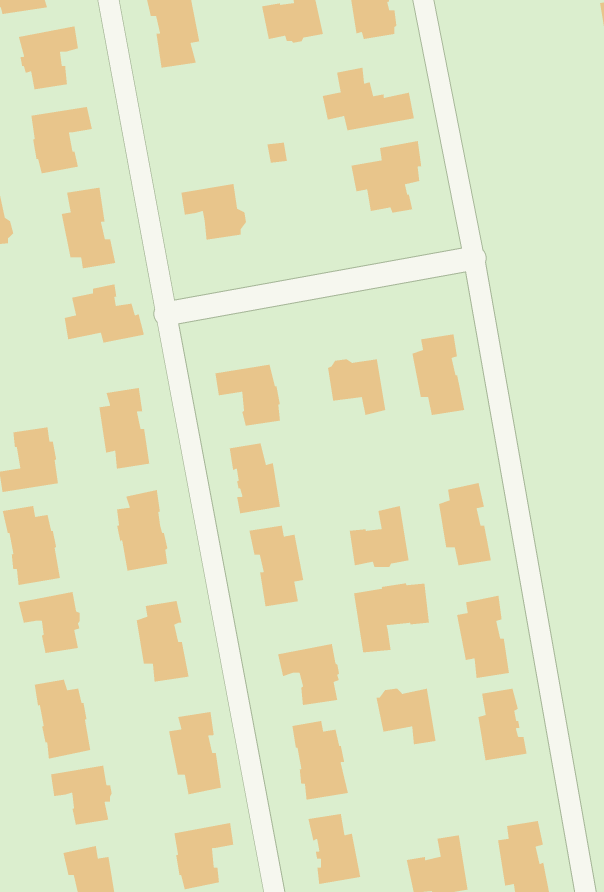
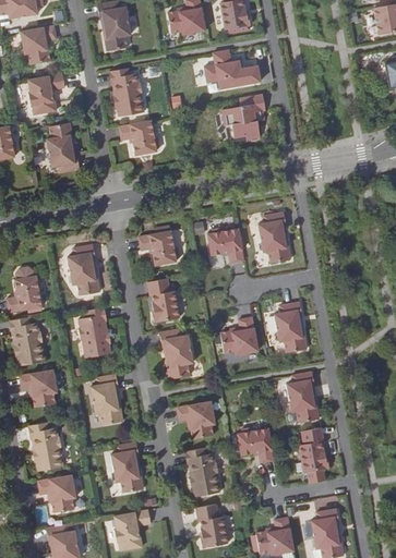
building: none -> [108,68,143,116]
building: [64,283,145,344] -> none
building: [353,583,430,653] -> none

